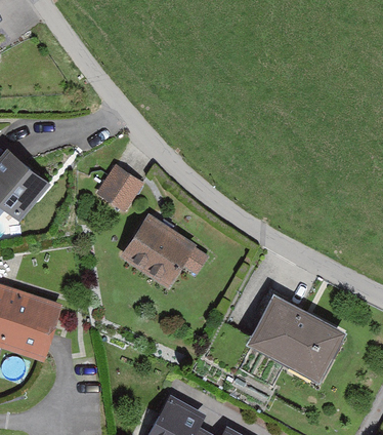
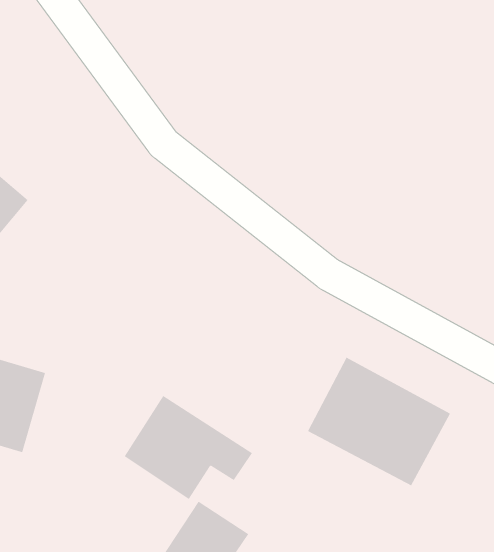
building: [96,163,146,213] -> none
building: [120,213,211,287] -> [124,395,253,500]

